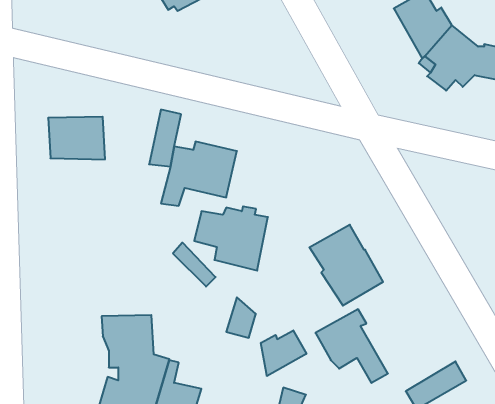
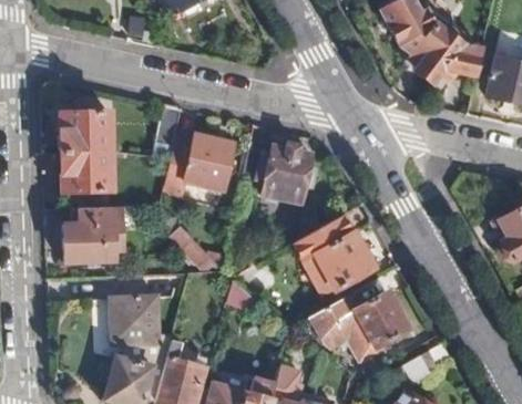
building: none -> [61,151,113,188]
building: [194,206,268,271] -> [245,144,314,204]
building: none -> [64,207,113,259]
building: none -> [350,288,410,351]
building: [261,330,306,376] -> none

